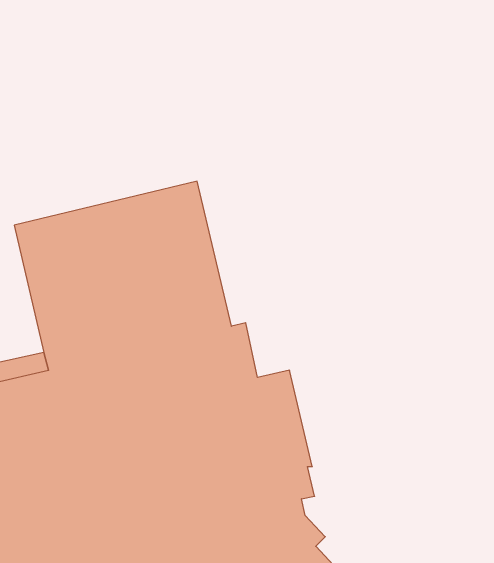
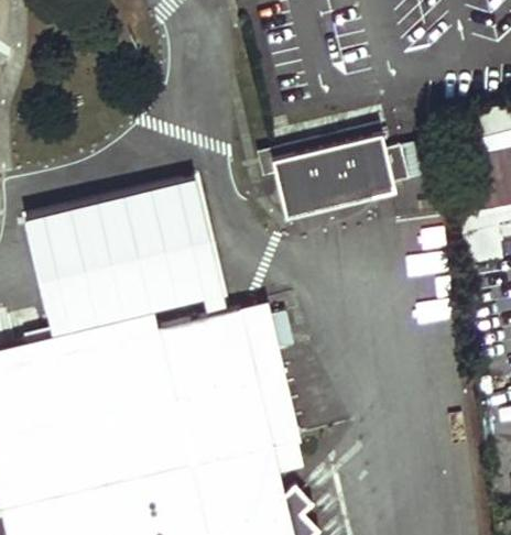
building: none -> [254,128,411,223]
building: none -> [238,305,279,362]

